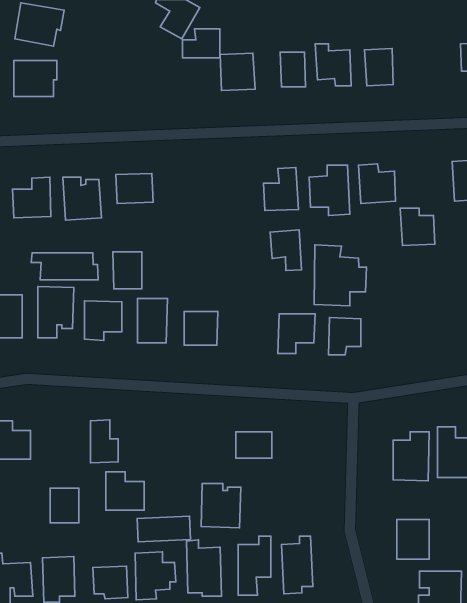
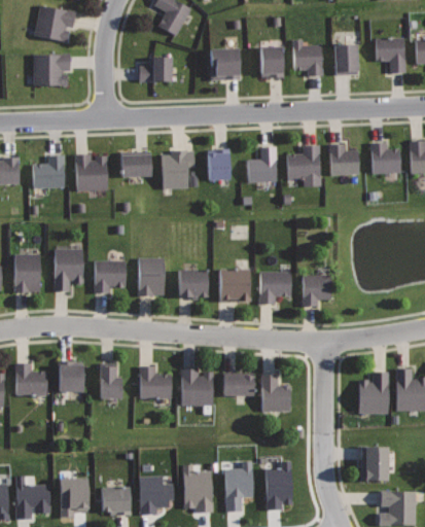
building: [183,29,220,58] -> [139,58,171,82]
building: none -> [375,38,405,73]
building: none -> [207,148,232,182]
building: none -> [162,150,194,190]
building: [400,208,435,245] -> [370,142,400,174]
building: [270,230,301,271] -> none
building: [314,245,367,306] -> none
building: [113,252,142,289] -> none
building: [31,253,98,280] -> none
building: none -> [220,270,249,301]
building: none -> [261,375,291,413]
building: [106,472,144,510] -> [139,366,172,399]
building: [201,483,241,528] -> [180,370,214,408]
building: [50,488,79,523] -> [59,362,83,392]
building: [137,516,190,542] -> none

